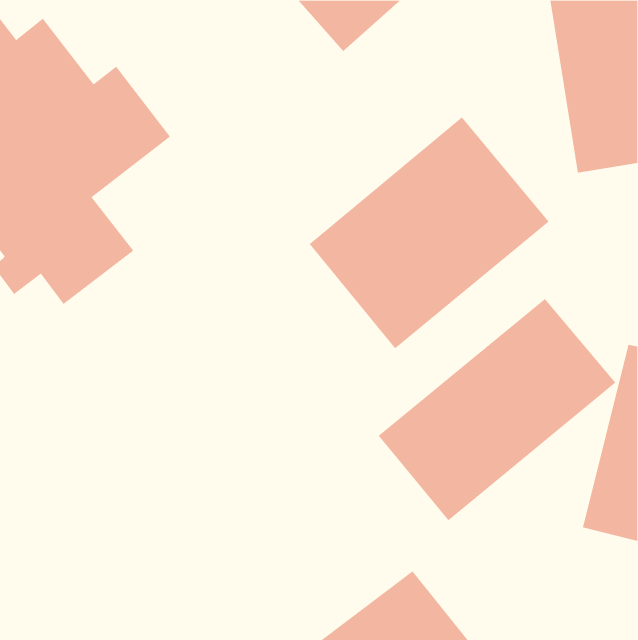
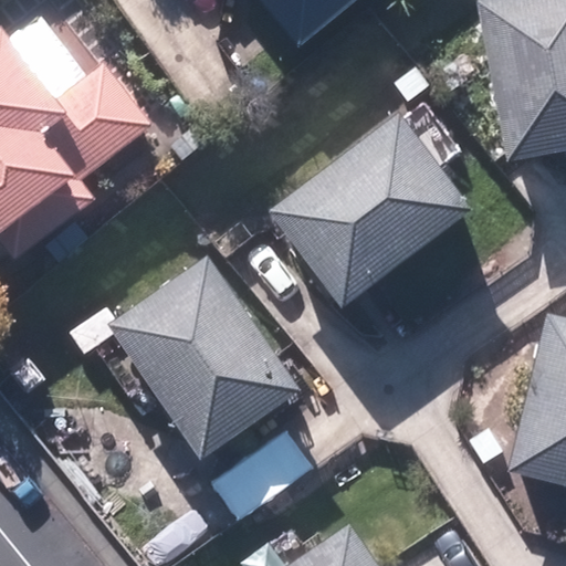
building: none -> [107,247,308,457]
building: [378,298,616,521] -> none

